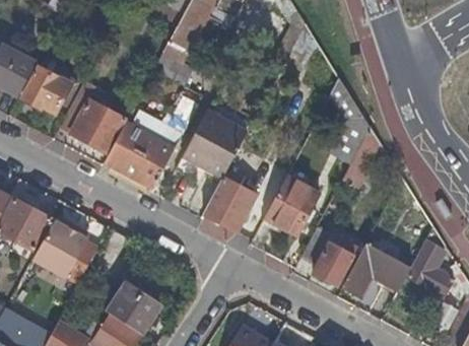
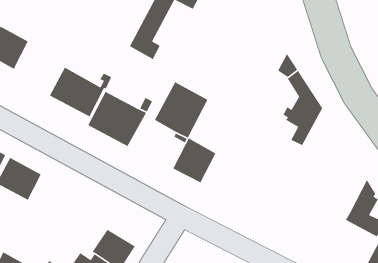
building: [23,70,71,114] -> none
building: [264,177,319,235] -> none
building: [37,218,90,274] -> none
building: [304,232,354,284] -> none
building: [342,243,411,296] -> none

